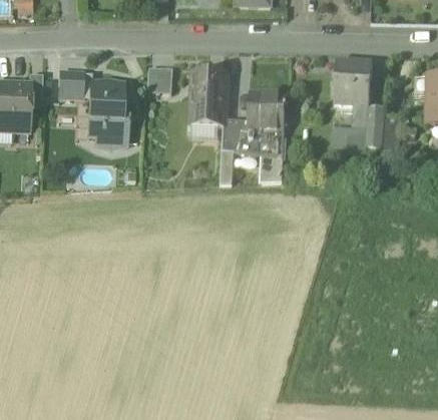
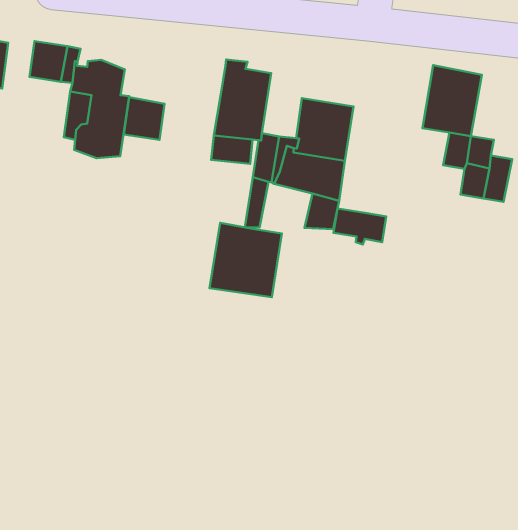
building: [147,65,173,92] -> [124,97,165,140]
building: [332,125,367,148] -> [334,208,386,244]
building: none -> [210,223,282,297]

